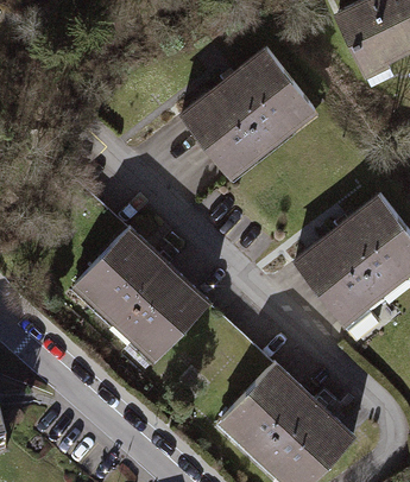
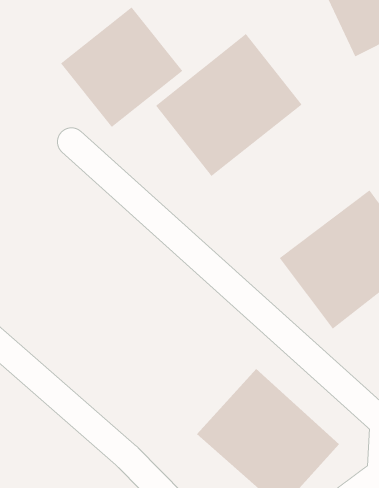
building: none -> [60,6,183,128]
building: [74,228,209,363] -> none

